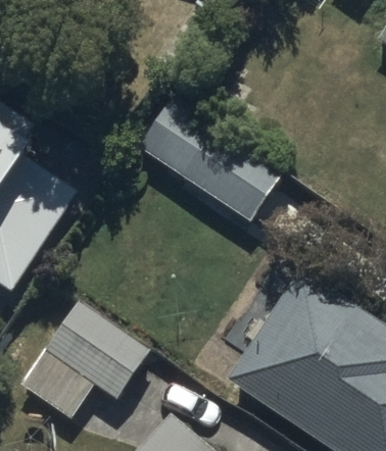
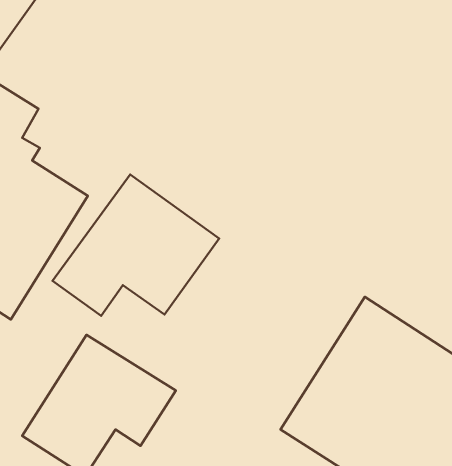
building: [142,96,285,223] -> none
building: none -> [52,174,219,316]

